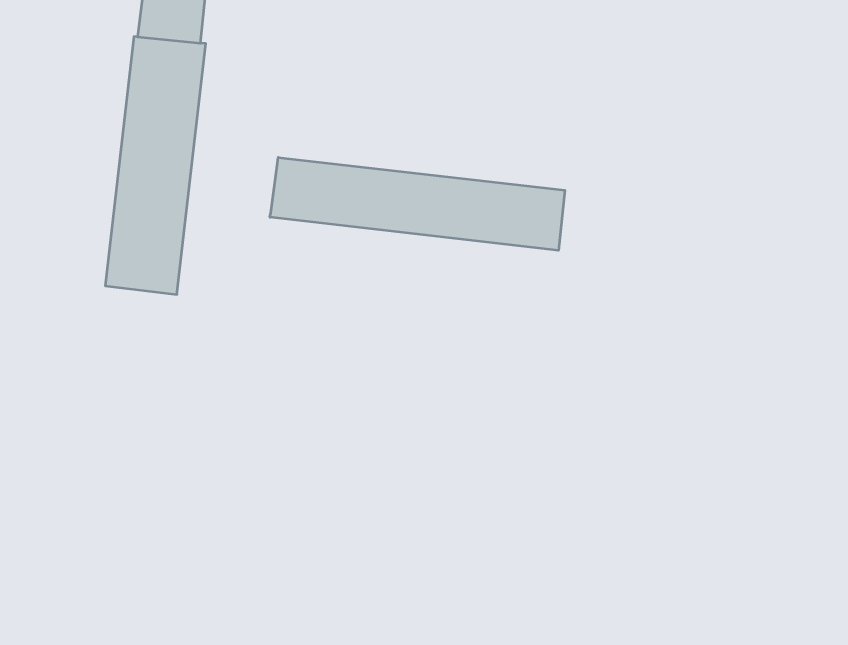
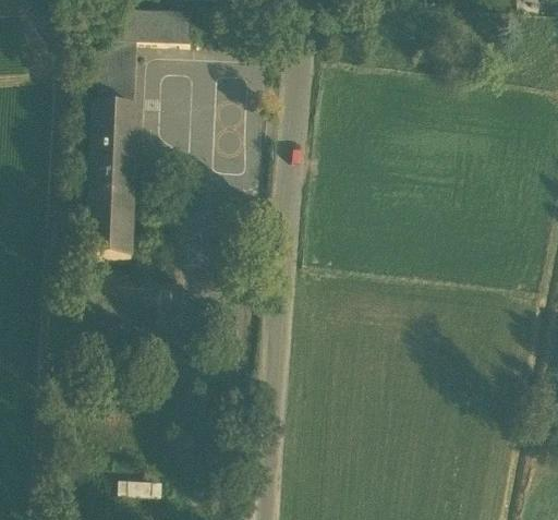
building: [270,157,565,250] -> none

